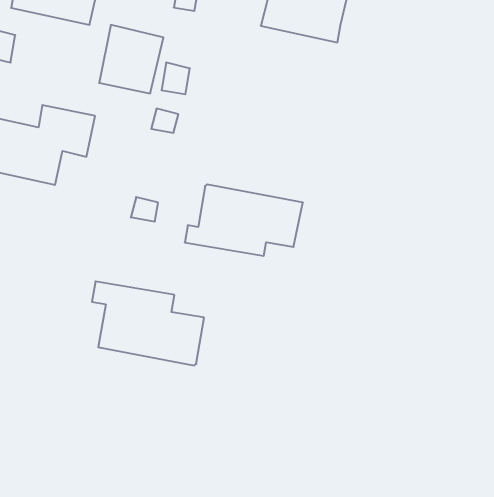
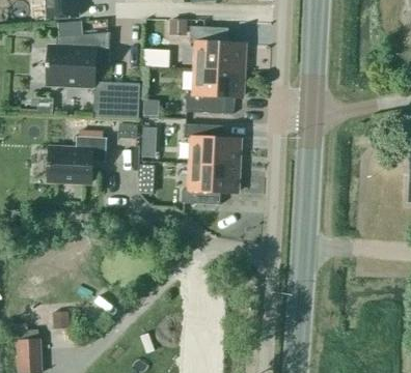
building: none -> [186,67,243,113]
building: [92,281,204,365] -> [172,127,240,167]

